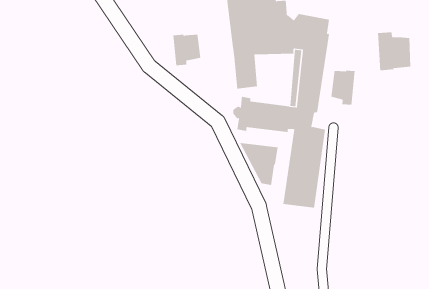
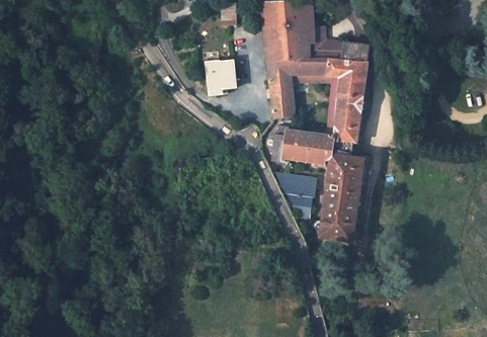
building: [377,32,411,71] -> none
building: [331,70,355,106] -> none

